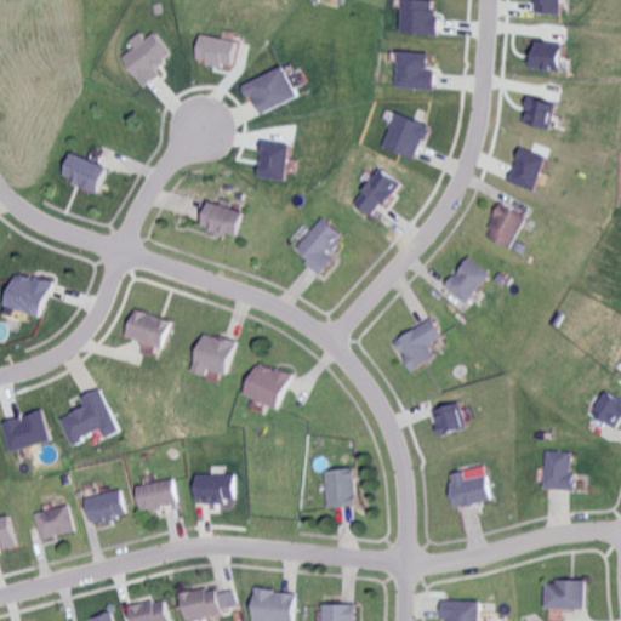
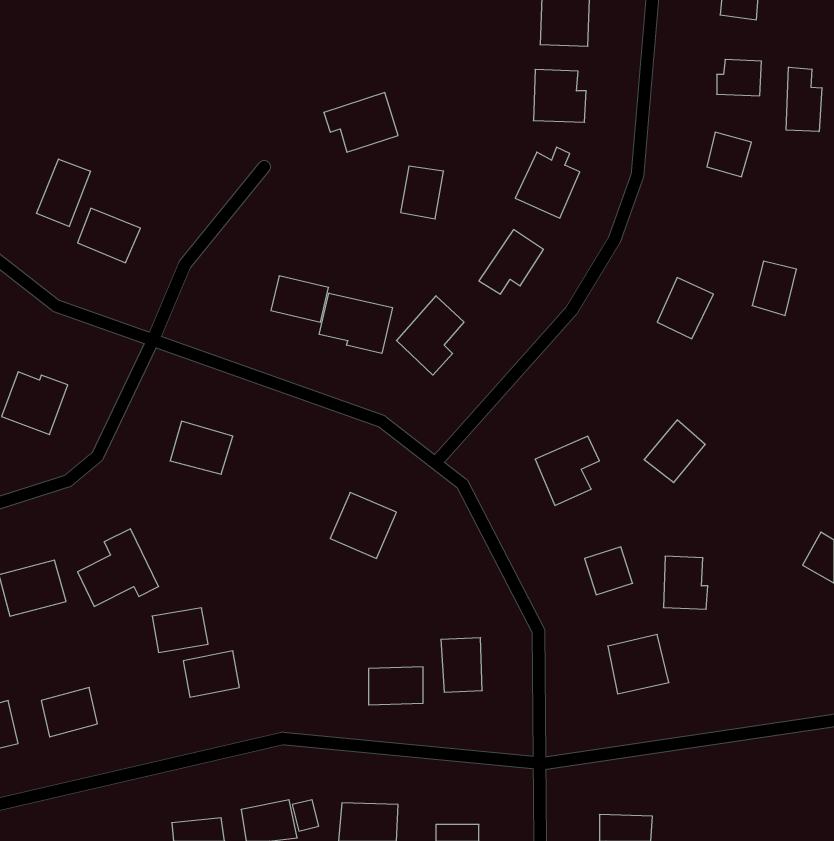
building: [116,32,167,89] -> none
building: [189,32,234,70] -> none
building: none -> [786,67,822,132]
building: none -> [36,159,90,227]
building: [255,142,286,181] -> [401,166,444,219]
building: [509,150,542,190] -> [752,261,797,316]
building: none -> [319,293,393,353]
building: [443,257,488,303] -> [644,420,705,483]
building: [192,332,235,377] -> none
building: [542,451,575,490] -> [663,556,708,609]
building: [193,474,233,502] -> [369,667,423,705]
building: [82,491,124,524] -> [152,608,208,652]
building: [542,579,583,608] -> none

